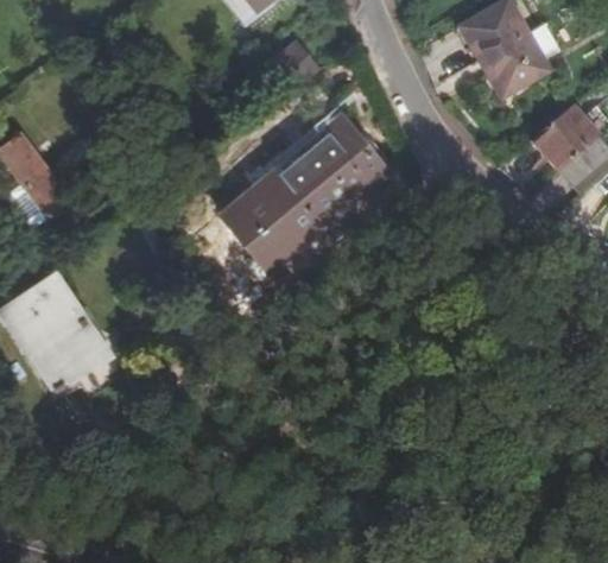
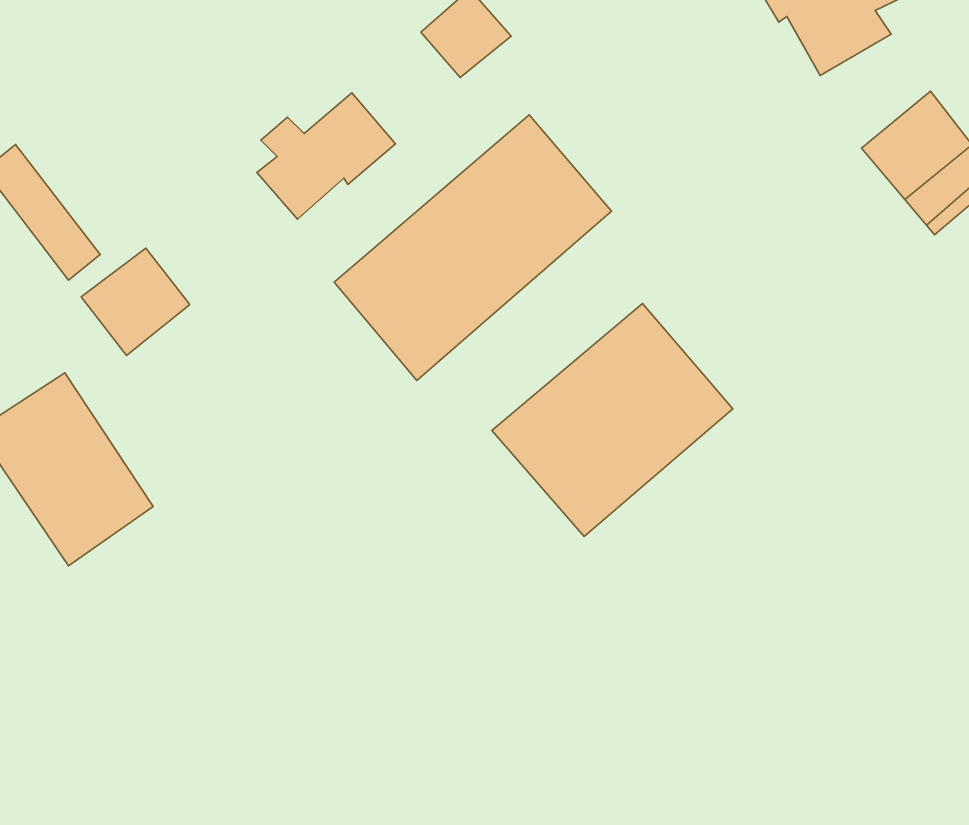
building: none -> [257,93,396,219]
building: none -> [81,248,190,356]
building: none -> [492,303,733,537]

